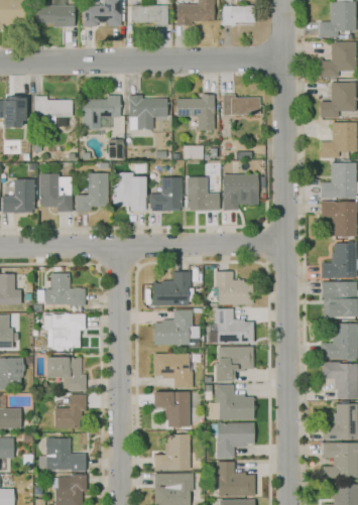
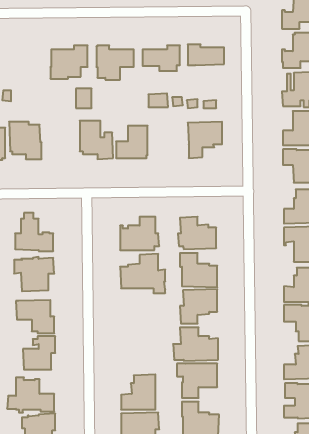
building: [35,97,72,127] -> none
building: [76,173,109,212] -> none
building: [187,176,220,211] -> none
building: [153,353,193,388] -> none
building: [154,392,190,427] -> none

